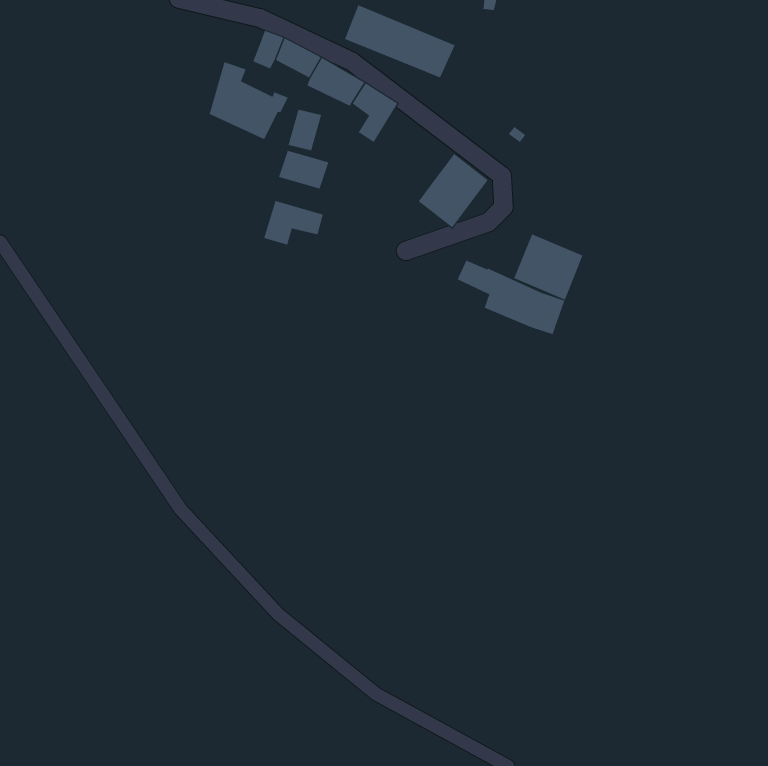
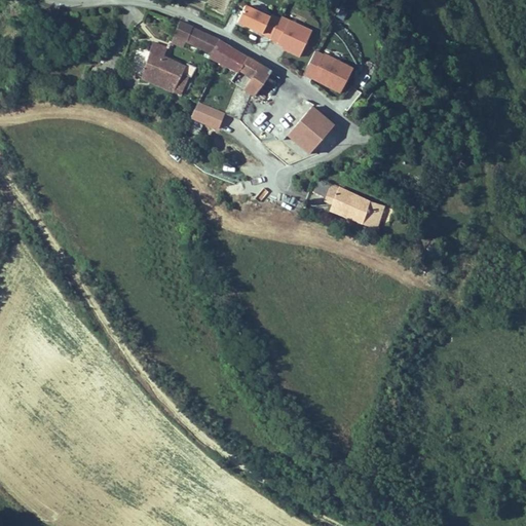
building: none -> [301,49,353,96]
building: [288,109,322,151] -> none
building: [263,200,324,245] -> none
building: [513,233,583,300] -> none

